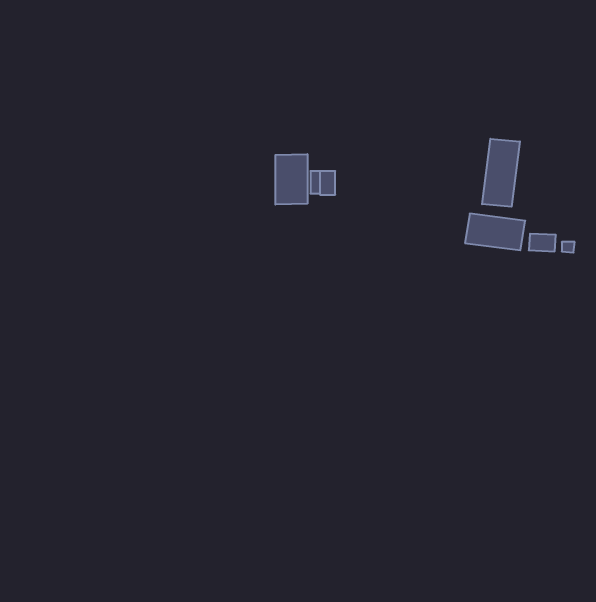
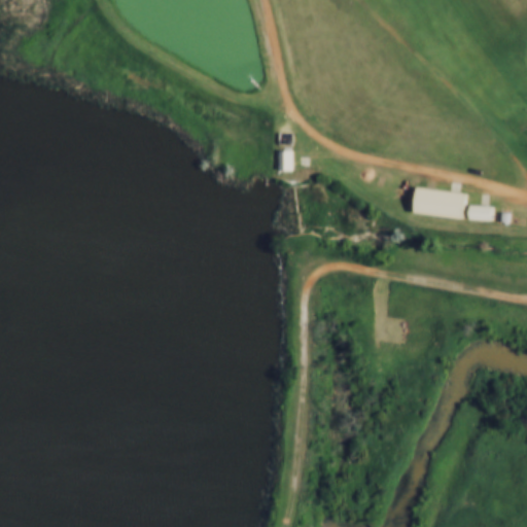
building: [482,139,520,207] -> none
building: [275,154,307,205] -> none

